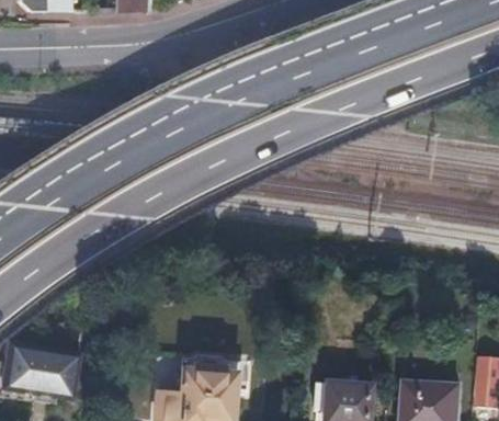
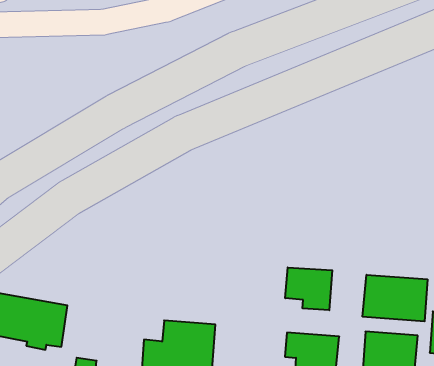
building: none -> [285,267,332,310]
building: none -> [363,275,427,321]

